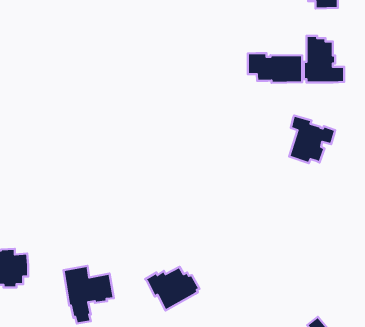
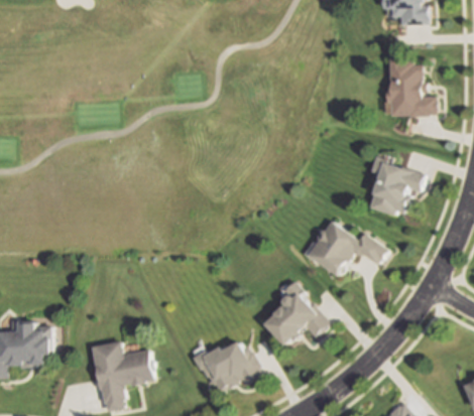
building: [248,53,302,83] -> none
building: none -> [305,222,385,276]
building: none -> [259,281,327,345]

